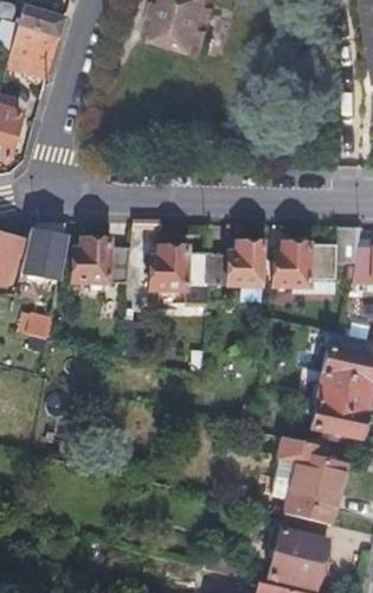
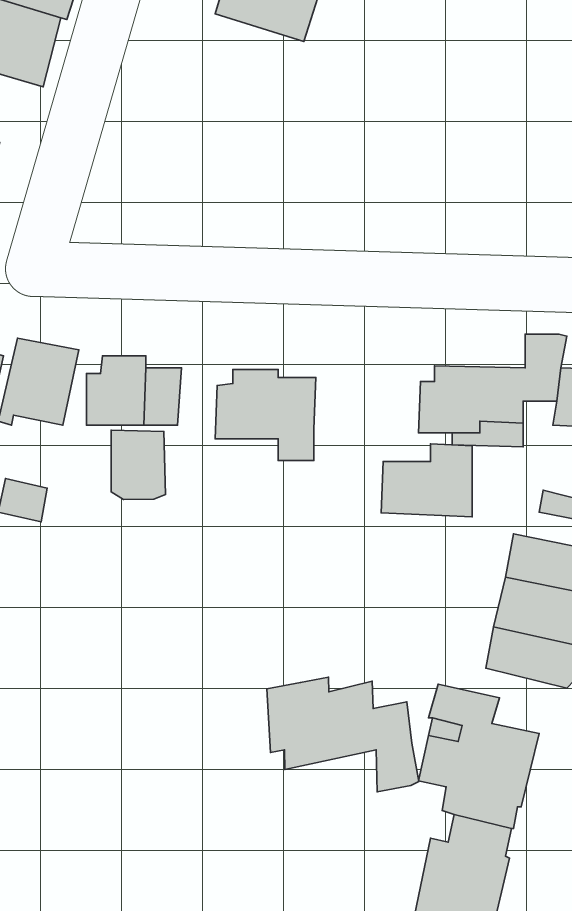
building: [208,242,263,286] -> [381,444,472,517]
building: none -> [111,430,166,500]
building: none -> [267,677,419,792]

